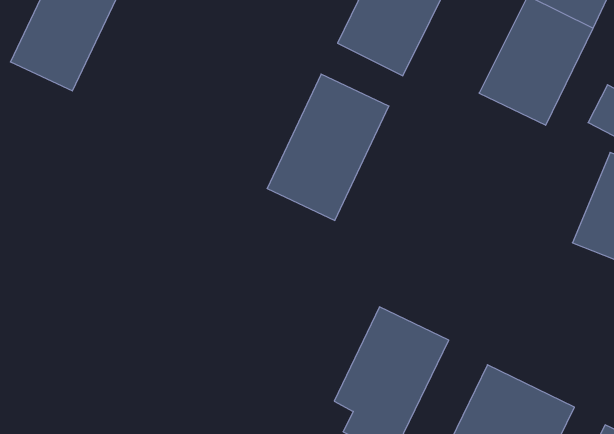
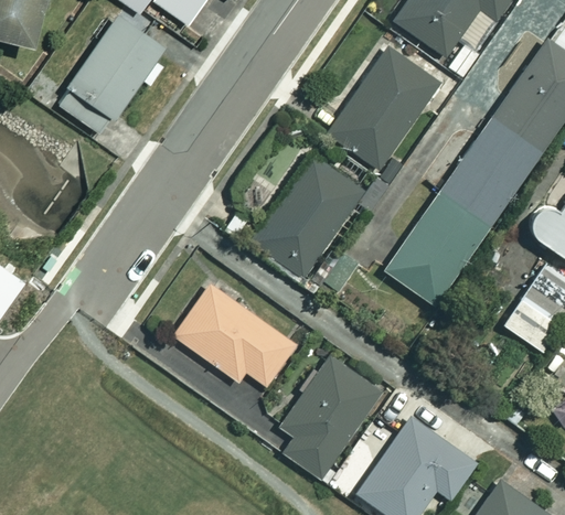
building: none -> [384,191,491,305]
building: none -> [173,283,298,387]

